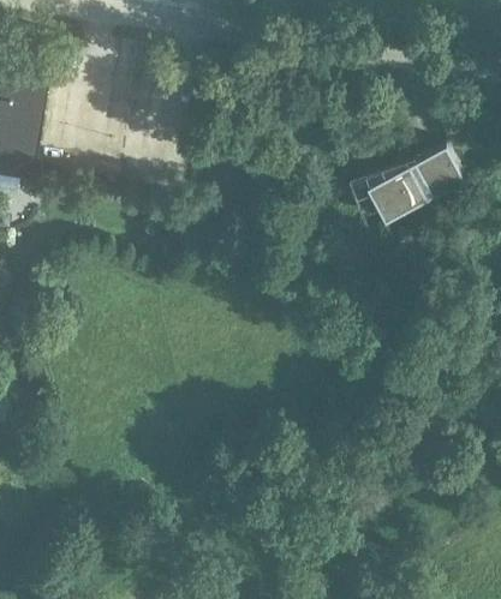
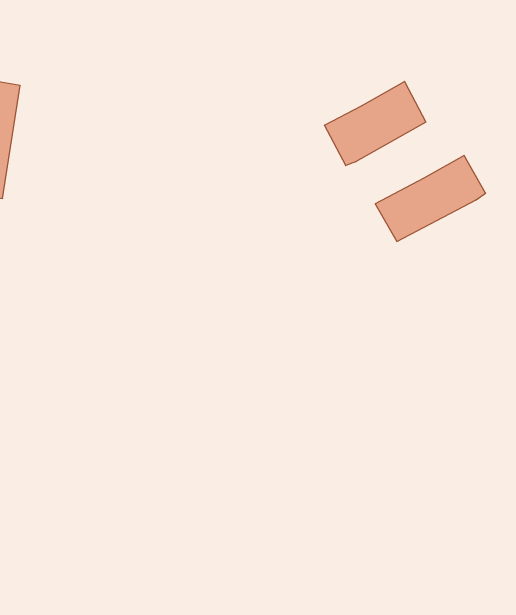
building: none -> [325,81,426,166]

